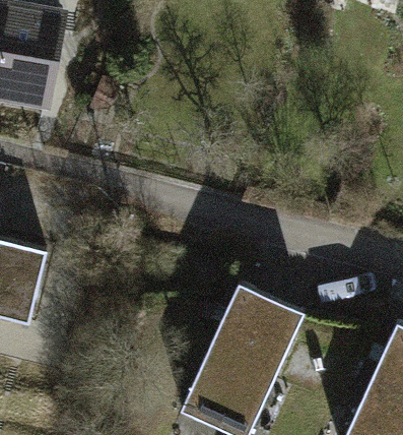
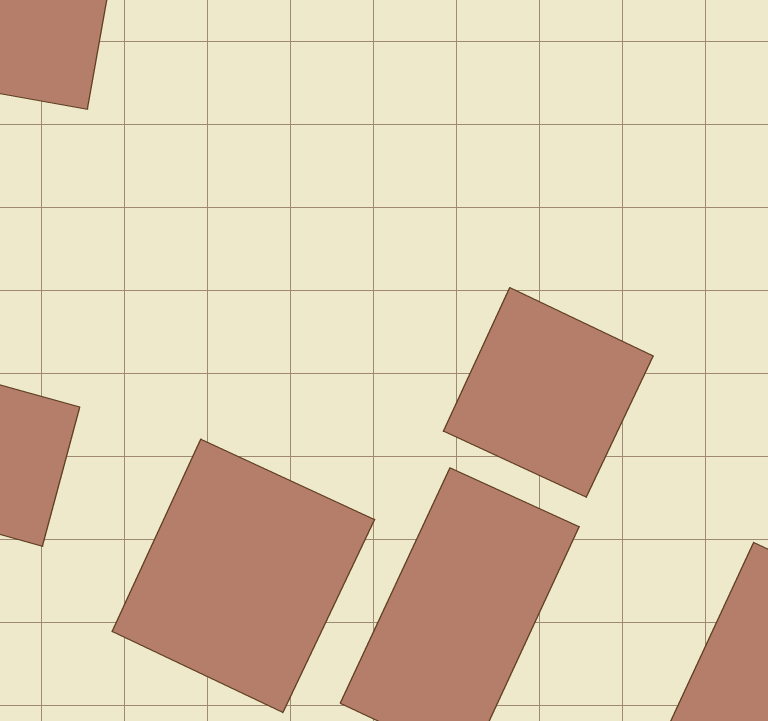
building: none -> [443,288,653,497]
building: none -> [112,439,375,713]

